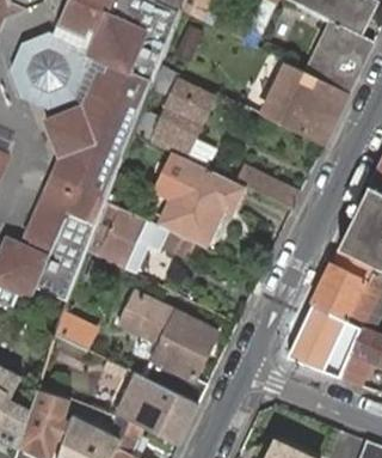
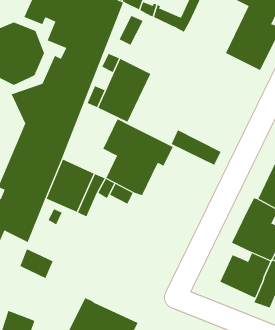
building: [264,65,347,145] -> none
building: [117,291,216,402] -> none

